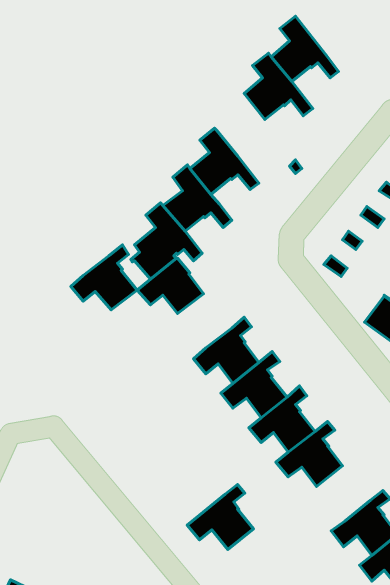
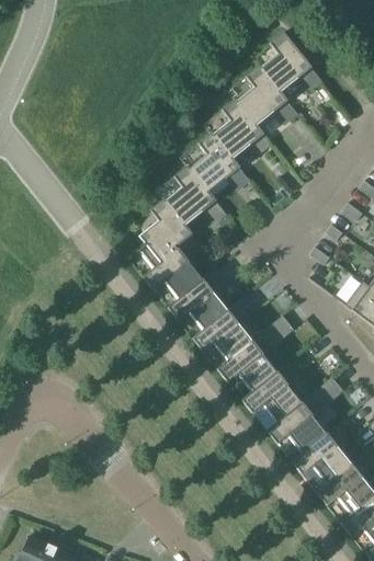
building: none -> [214,99,272,158]
building: [71,245,137,310] -> [168,271,227,329]
building: [187,484,253,550] -> [292,425,351,483]

